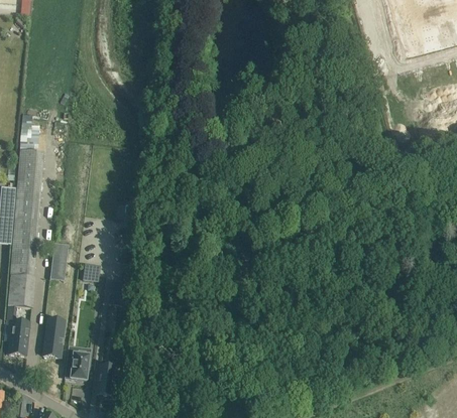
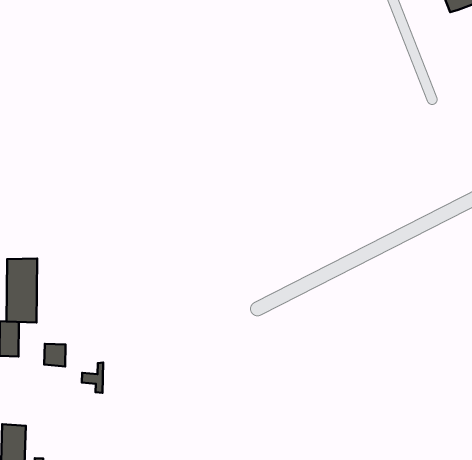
building: none -> [7,258,37,322]

